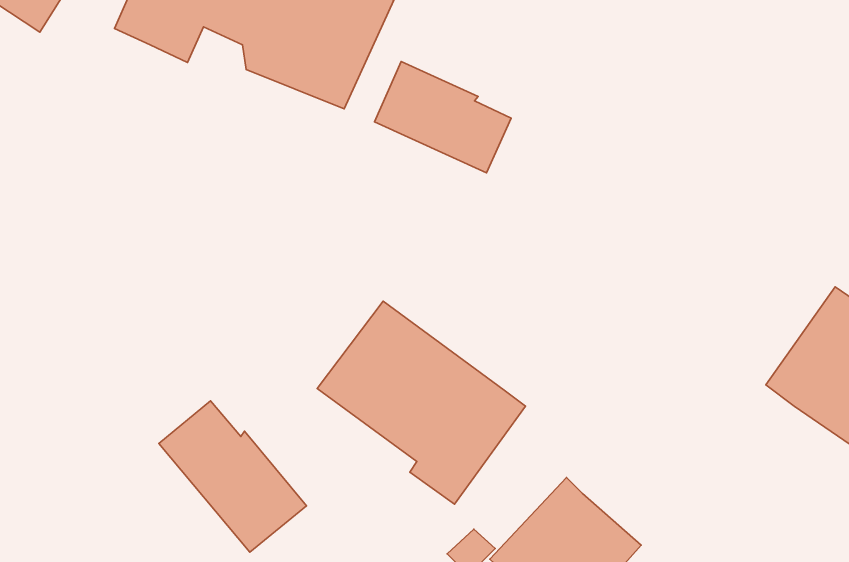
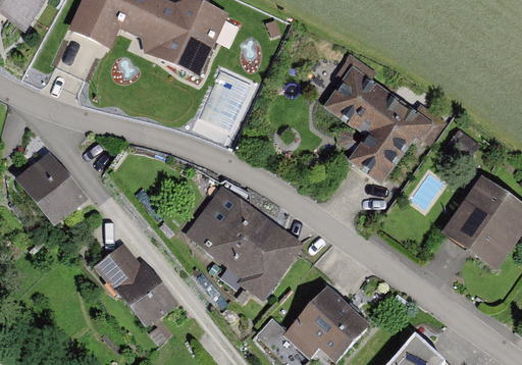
building: [375,62,511,173] -> none
building: none -> [323,52,447,186]
building: none -> [14,152,89,227]

